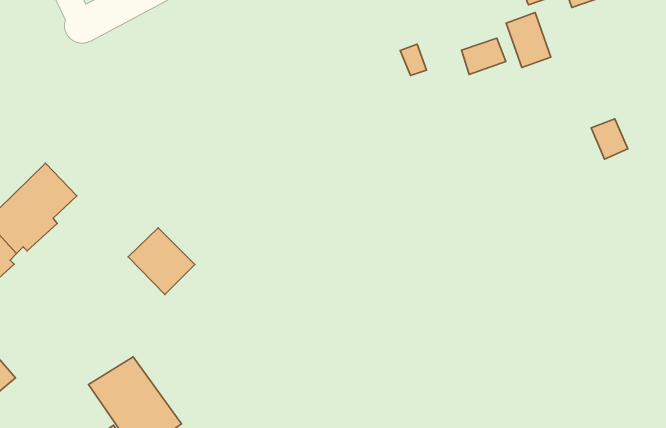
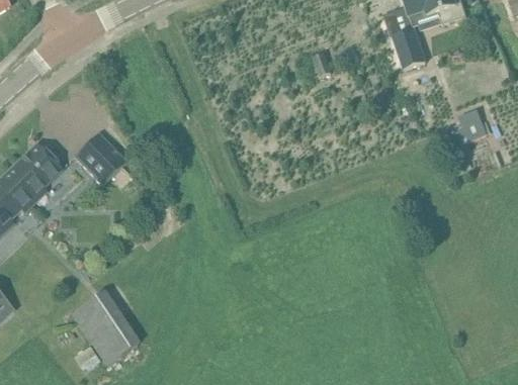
building: [461,38,506,75] -> none
building: [128,228,195,295] -> [72,132,123,184]

